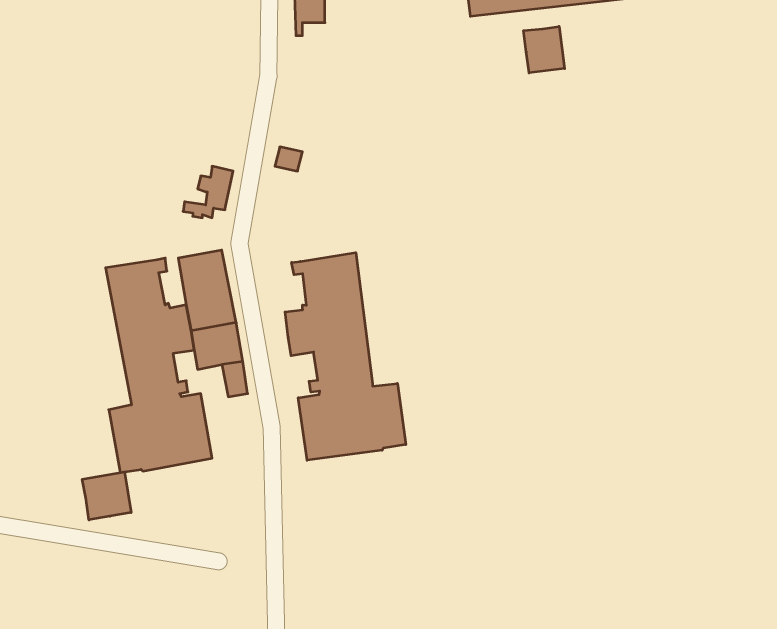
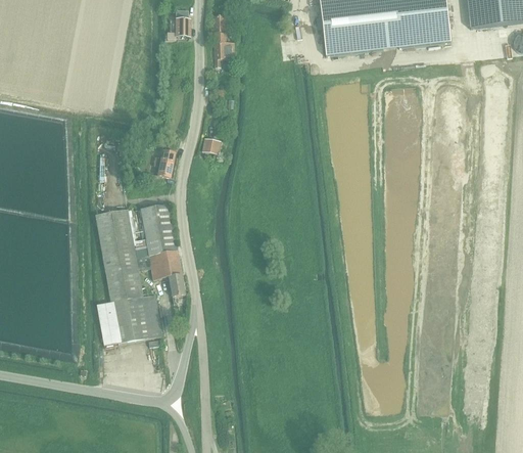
building: [524,26,565,73] -> none
building: [285,253,406,460] -> none
building: [82,472,131,520] -> none

